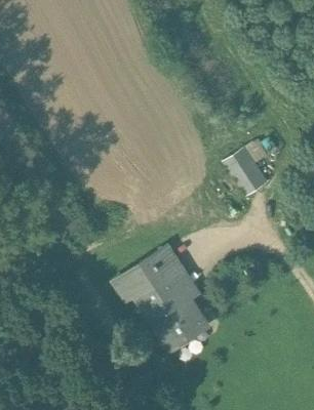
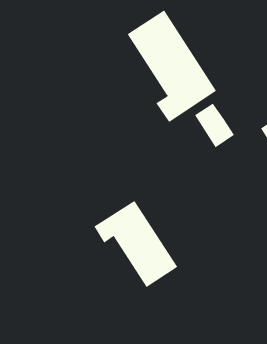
building: none -> [127,10,217,123]

